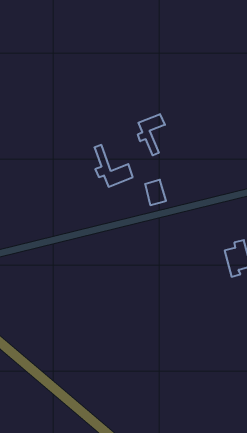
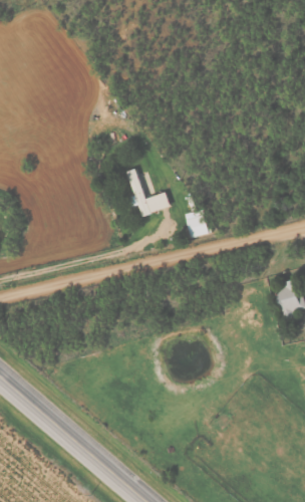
building: [138,114,165,155] -> none

